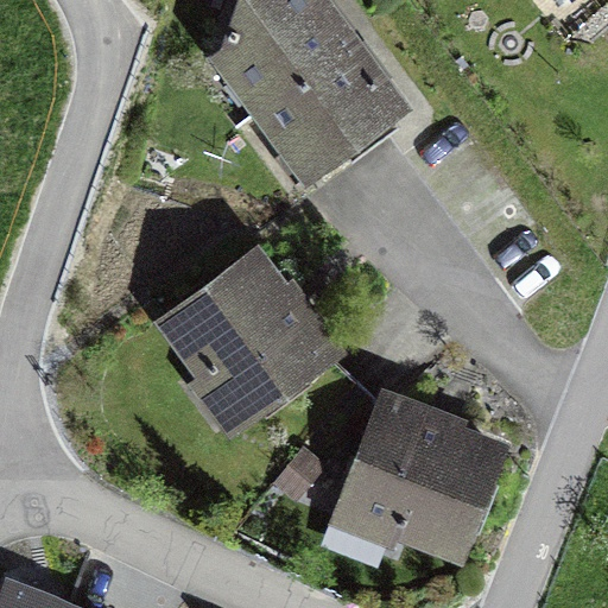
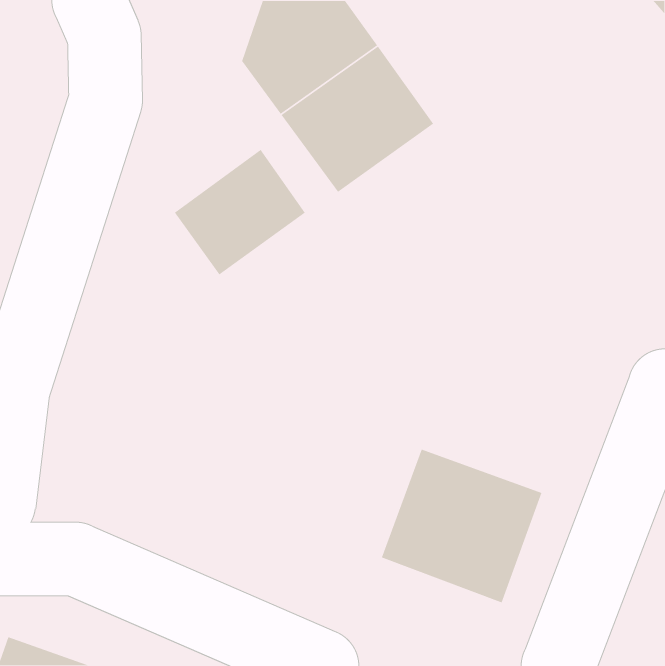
building: none -> [174,149,306,275]
building: [170,259,324,414] -> none

